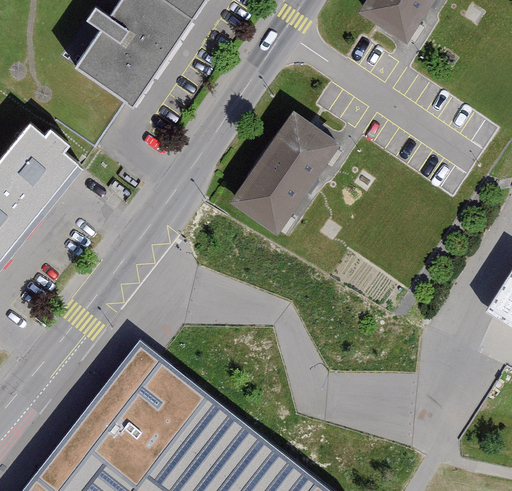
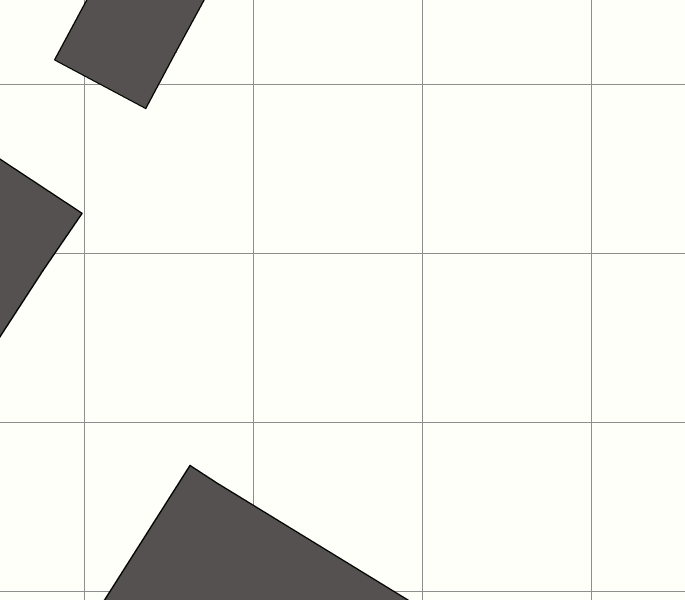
building: [231,100,347,226] -> none

